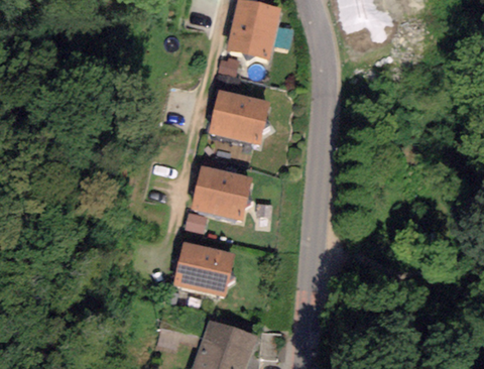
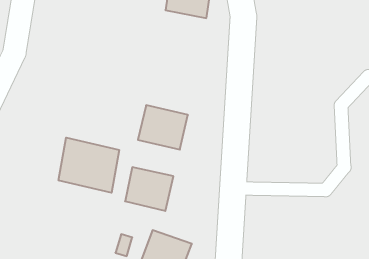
building: [207,88,270,146] -> none
building: none -> [59,138,119,193]

